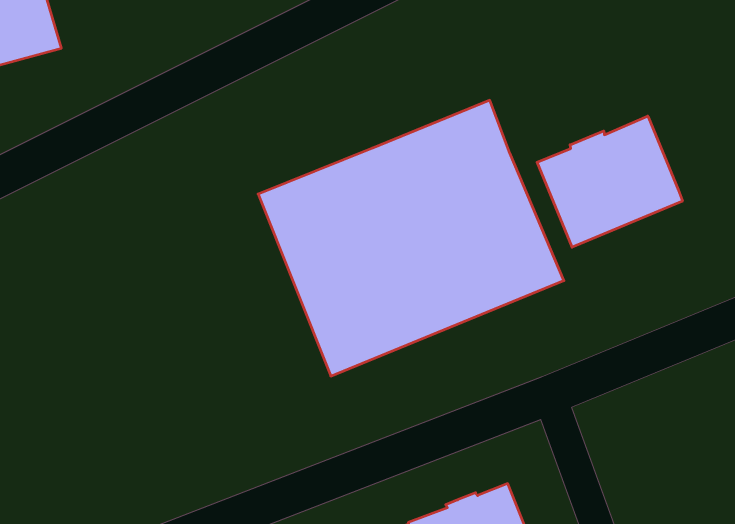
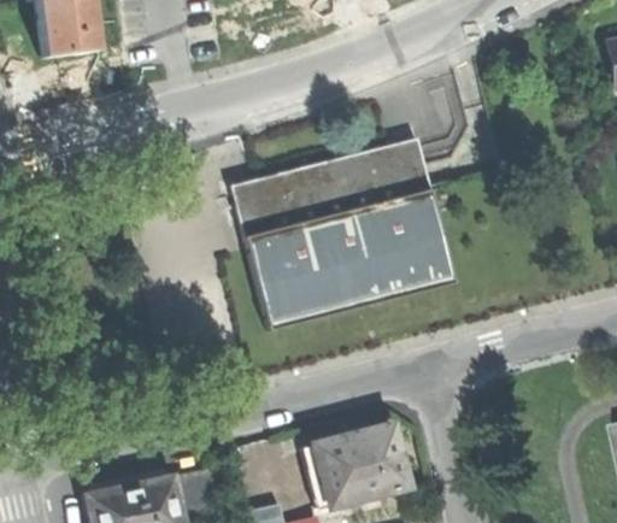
building: [537,116,682,247] -> none

